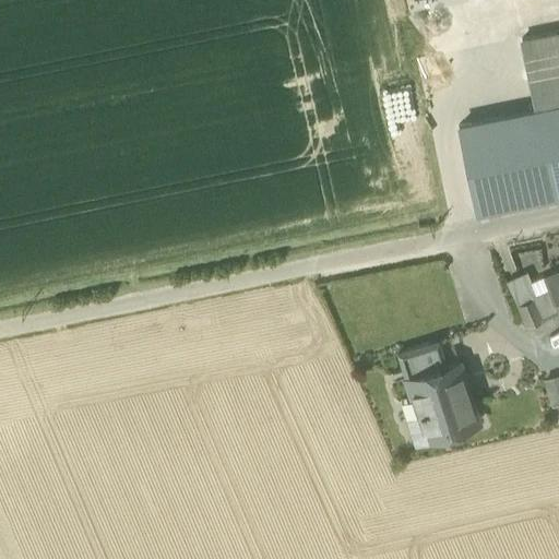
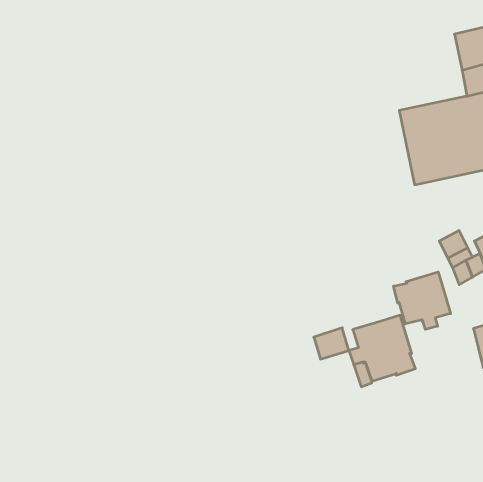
building: none -> [394,272,451,329]
building: [401,347,441,383] -> [314,328,349,359]

